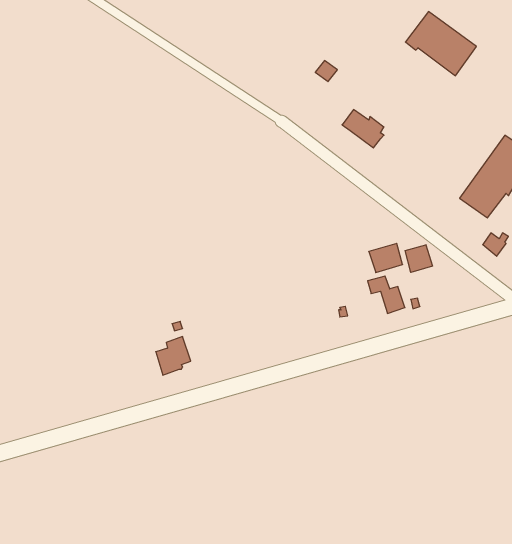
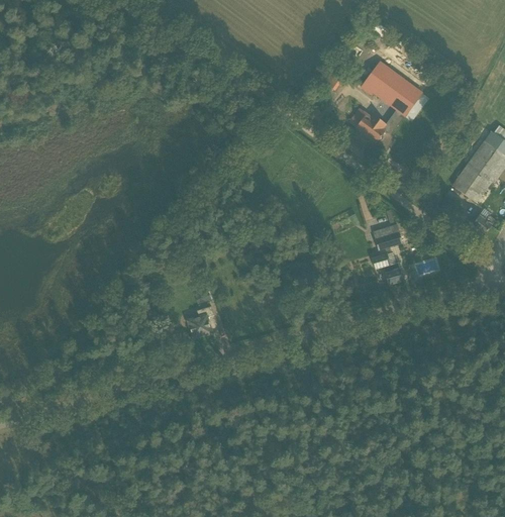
building: [405,12,476,76] -> [360,61,421,116]
building: [405,245,432,272] -> none

